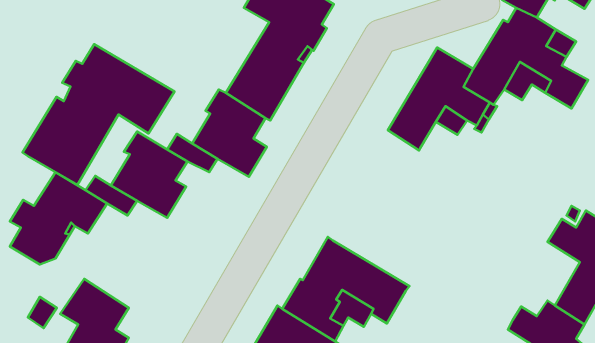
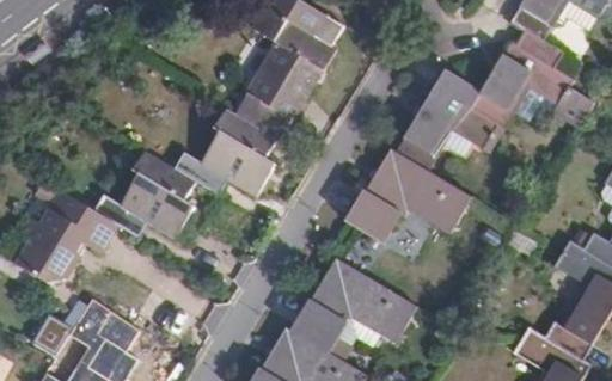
building: [22,44,174,185] -> none
building: none -> [344,147,472,244]

